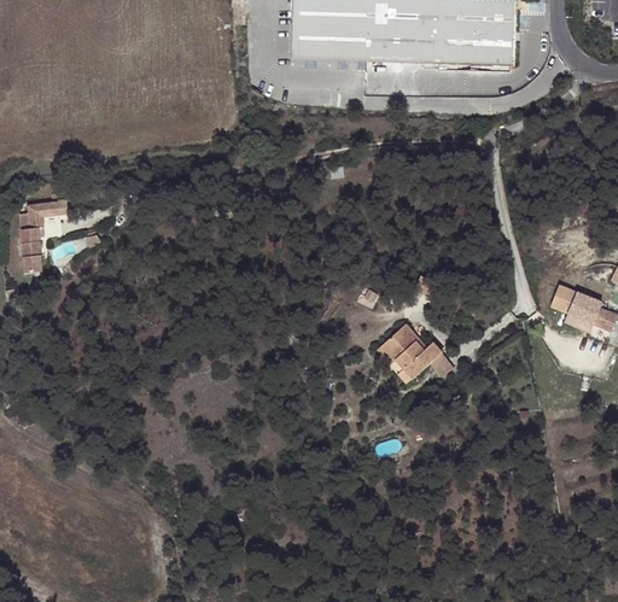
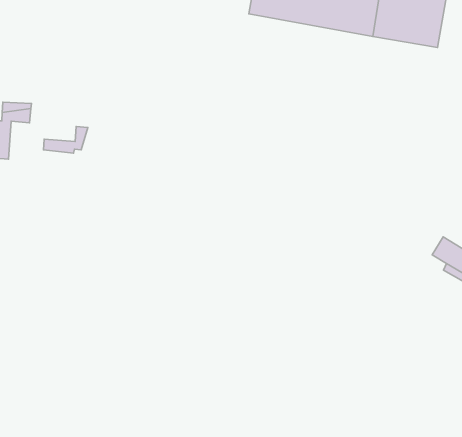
building: none -> [43,127,88,153]
building: [384,326,445,379] -> none

